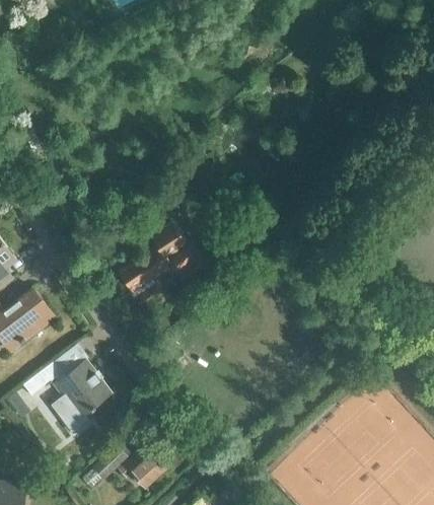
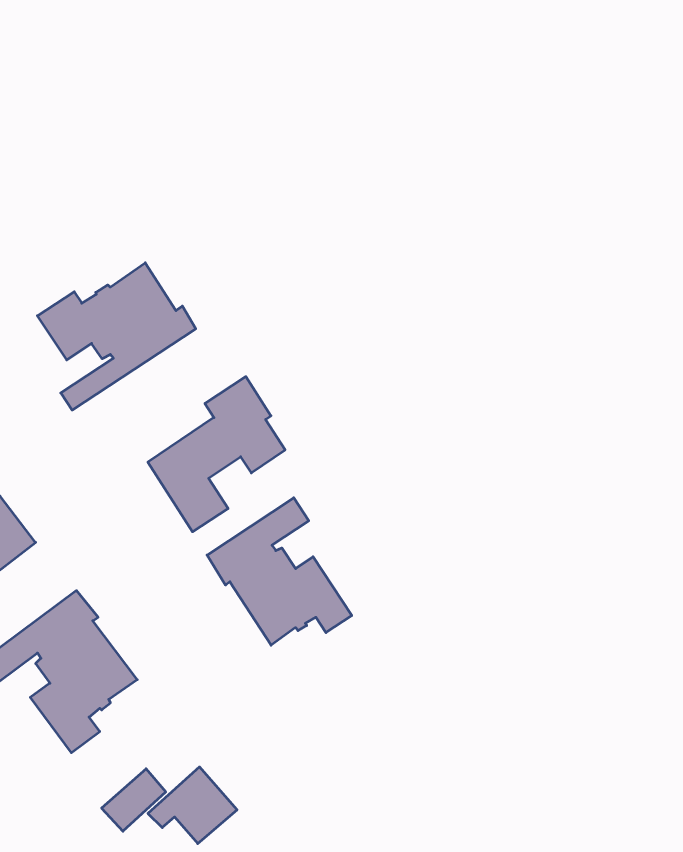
building: none -> [37,263,196,410]
building: none -> [207,498,352,645]

